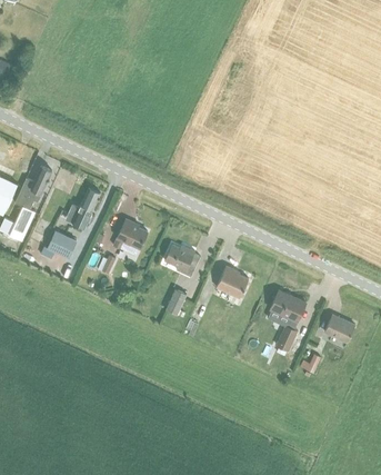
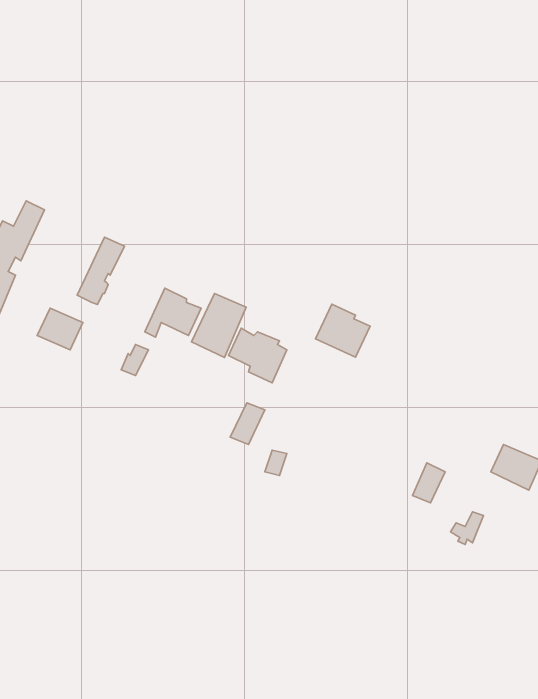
building: none -> [191,293,246,357]
building: [214,266,248,298] -> [316,304,370,357]
building: [269,290,304,321] -> none

